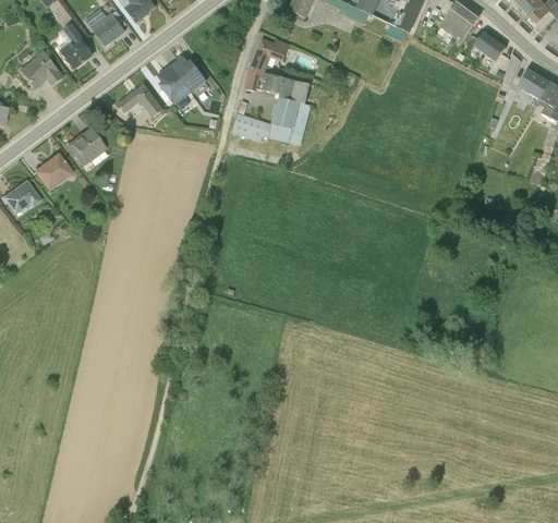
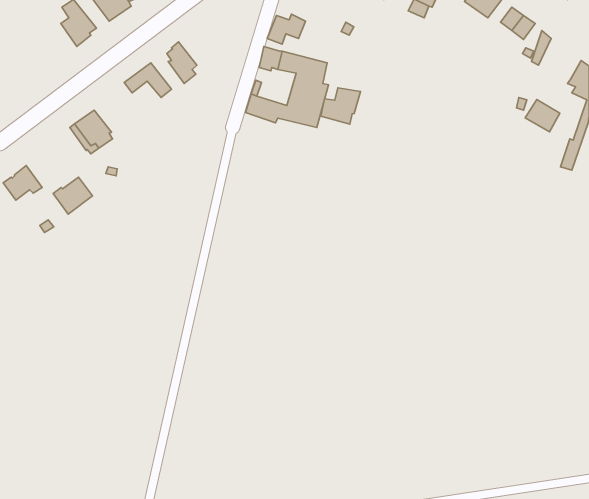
building: [19,49,63,88] -> none
building: [169,57,206,92] -> none
building: [517,69,549,99] -> [525,99,560,132]
building: none -> [321,88,360,124]
building: [35,156,72,191] -> [53,177,92,214]

